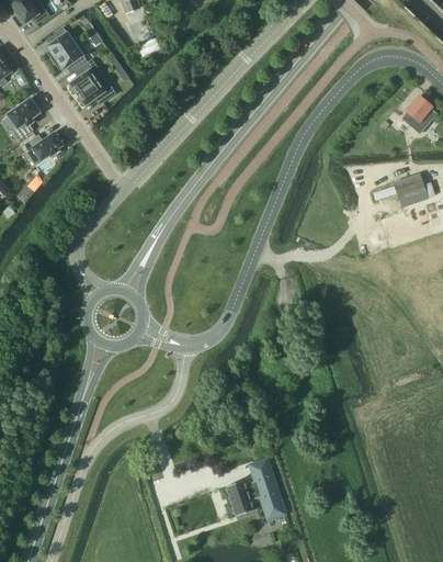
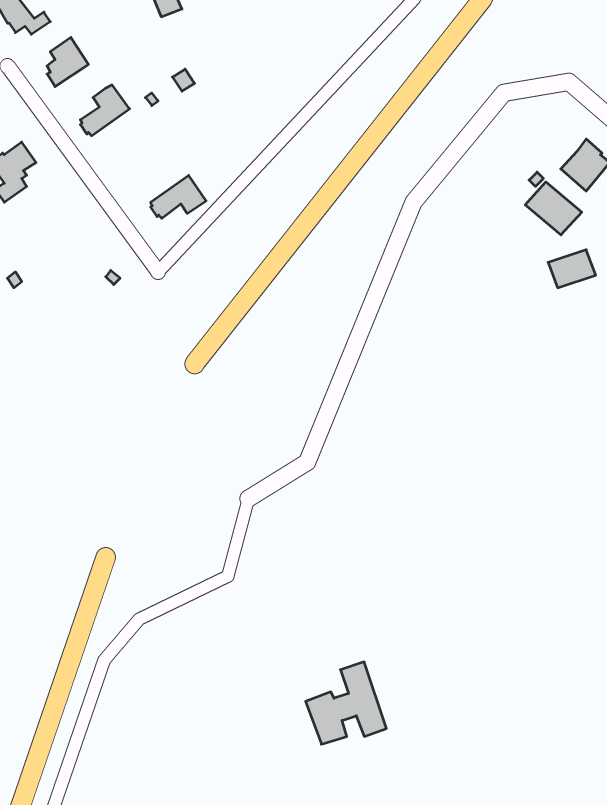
building: [52,45,87,71] -> none
building: [77,76,115,105] -> [151,175,206,218]
building: none -> [525,182,582,235]
building: [23,133,61,160] -> none

